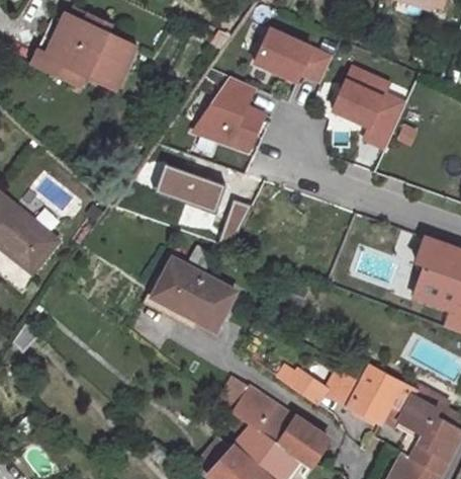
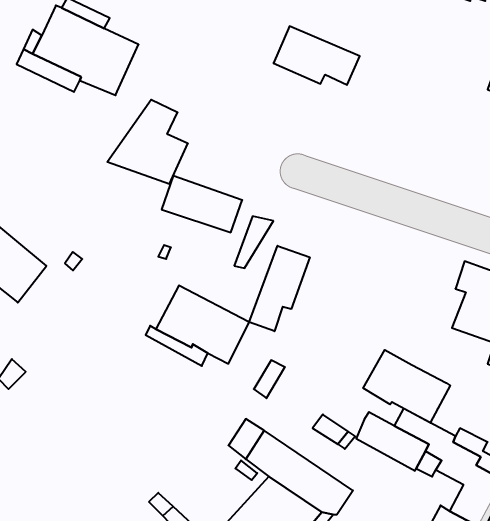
building: [333,67,405,148] -> none
building: [194,76,265,150] -> [107,100,188,184]
building: none -> [249,246,310,331]
building: none -> [363,350,450,423]

